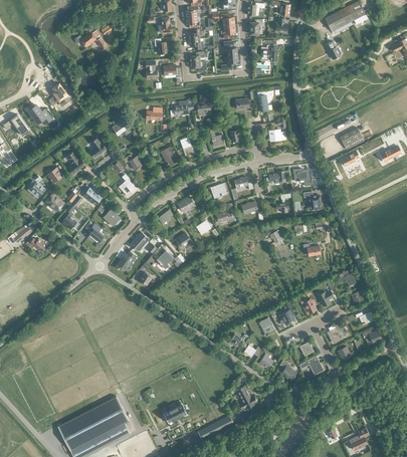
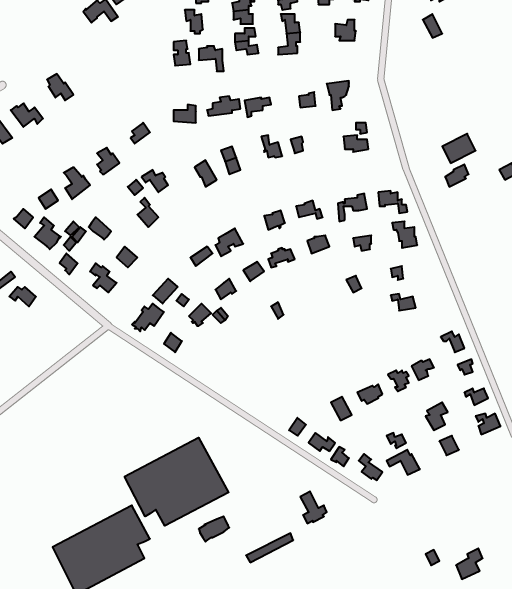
building: none -> [125,438,229,526]

